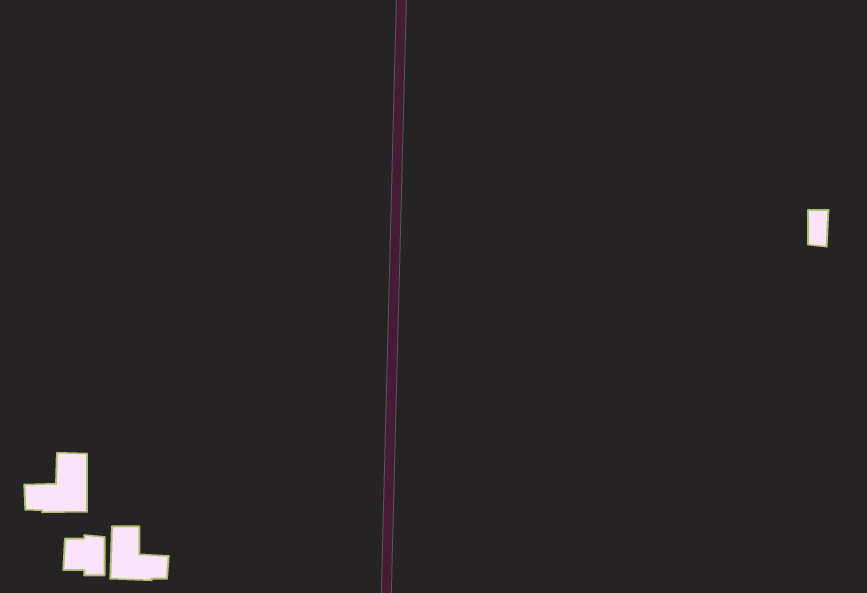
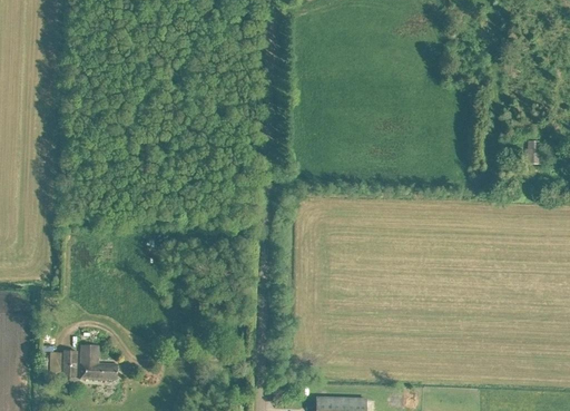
building: [25,453,87,512] -> none

